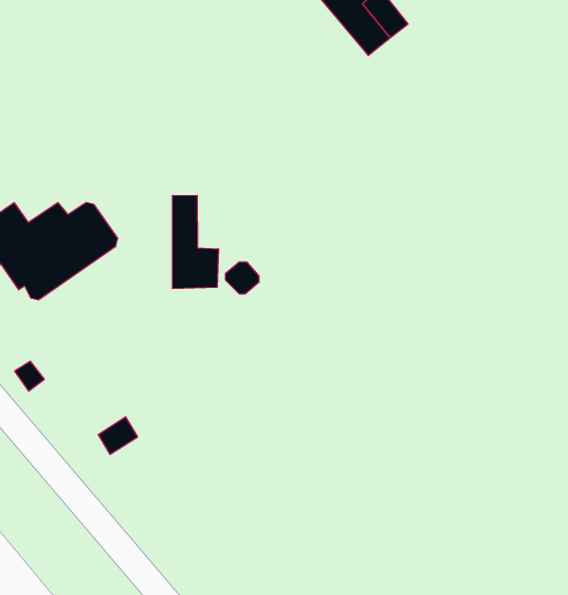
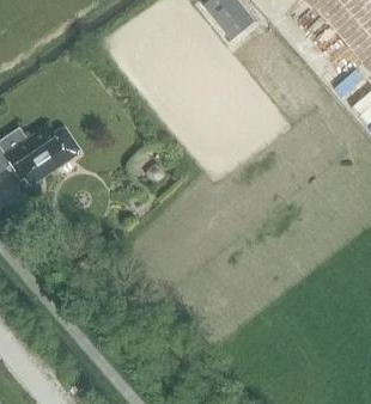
building: [172,195,219,289] -> none

